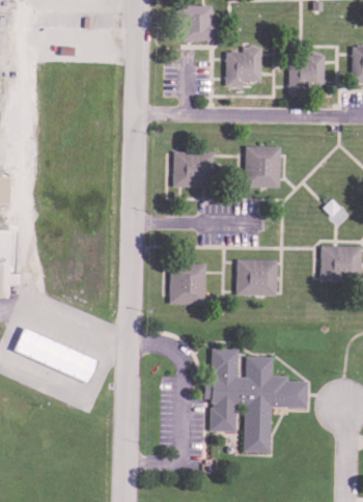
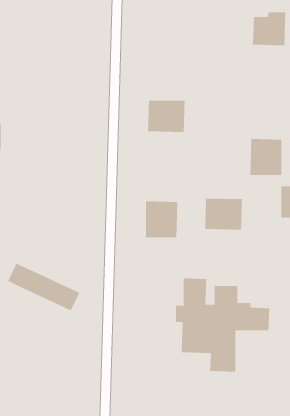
building: [226,47,261,85] -> none
building: [244,144,280,186] -> [249,138,282,176]

